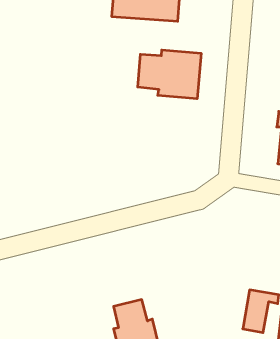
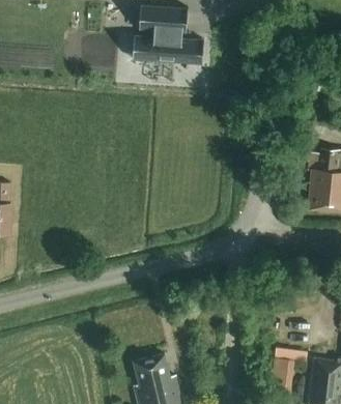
building: [138,50,201,99] -> none

